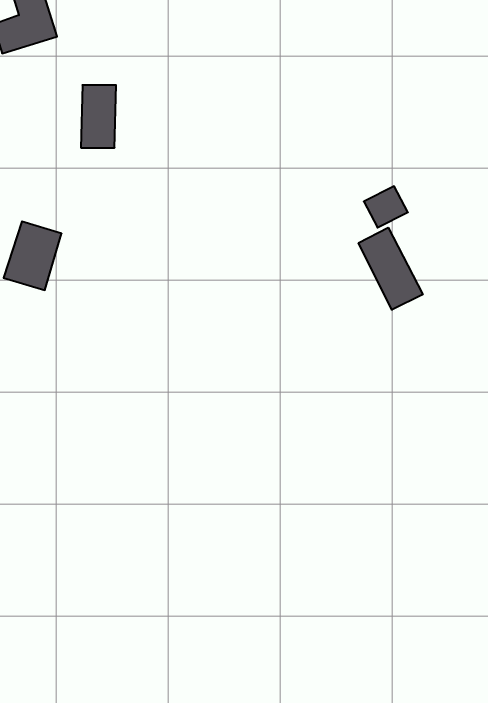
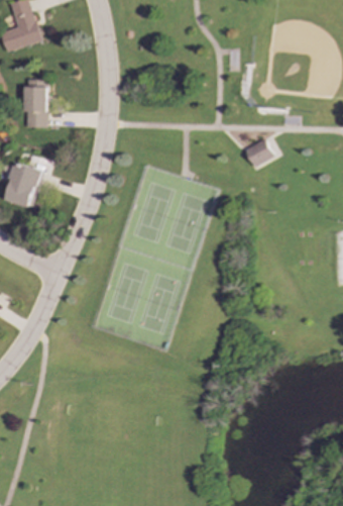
building: [81,85,116,148] -> [24,87,47,128]
building: [359,228,423,310] -> none

